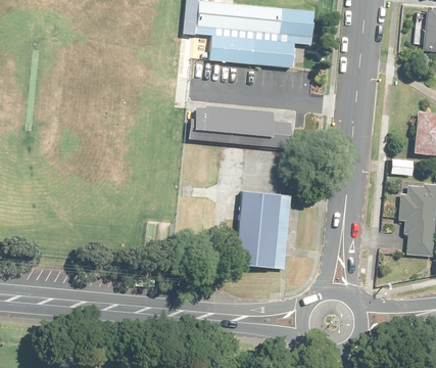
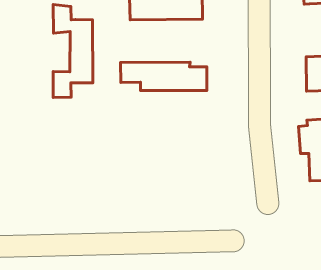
building: none -> [53,5,93,97]
building: [241,189,294,266] -> none

